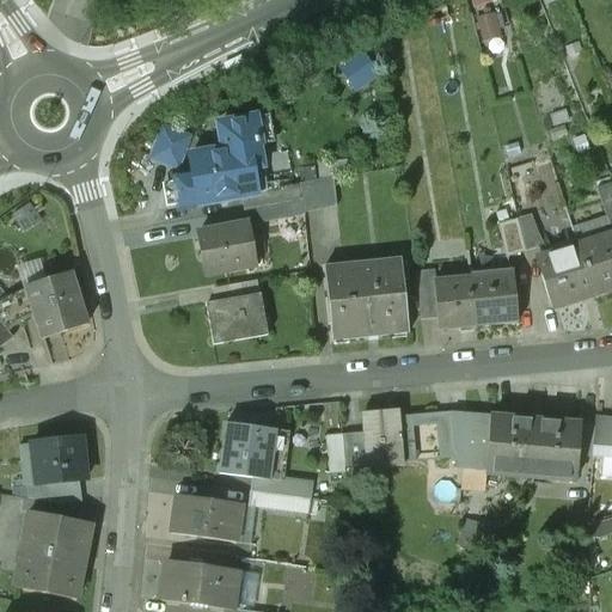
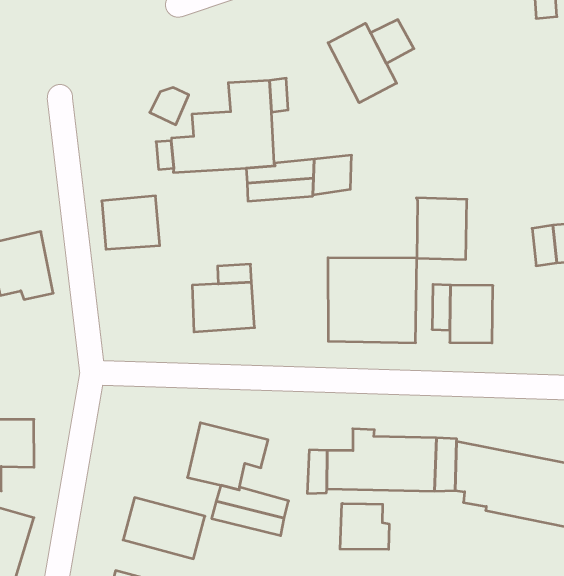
building: none -> [328,23,397,103]
building: [200,220,255,271] -> [102,196,160,249]
building: [470,267,519,323] -> [416,198,467,259]
building: none -> [340,503,389,549]

